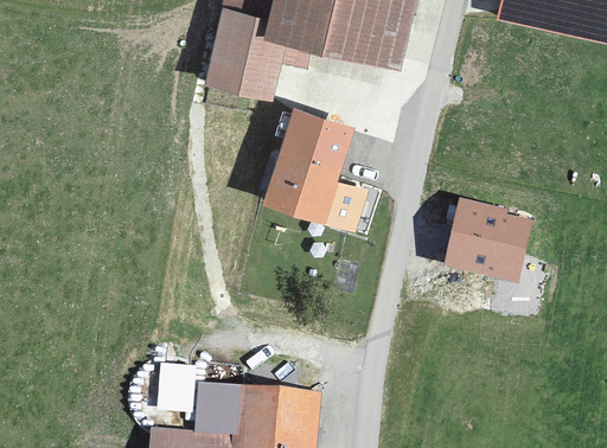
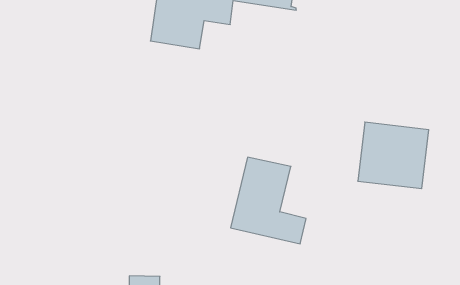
building: [269,113,360,222] -> [231,157,306,244]

